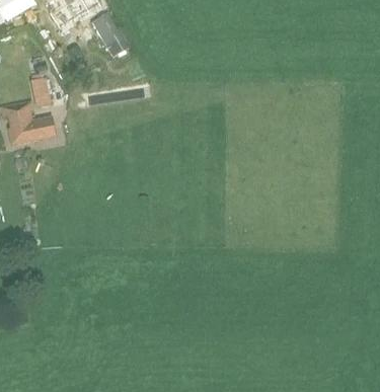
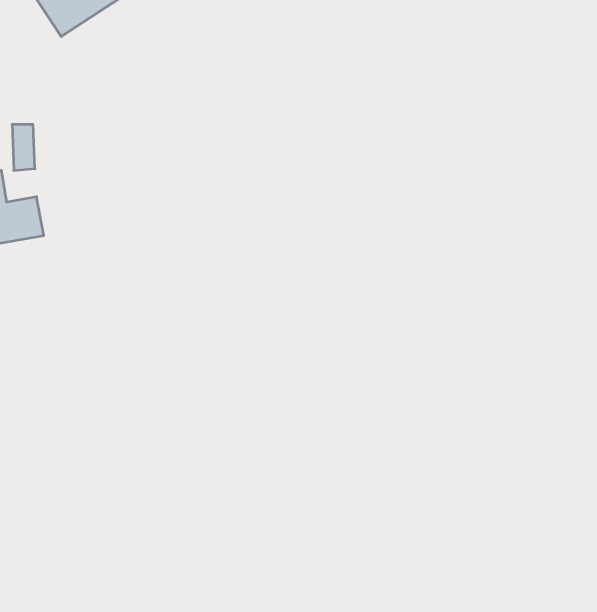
building: [92,13,128,54] -> none

